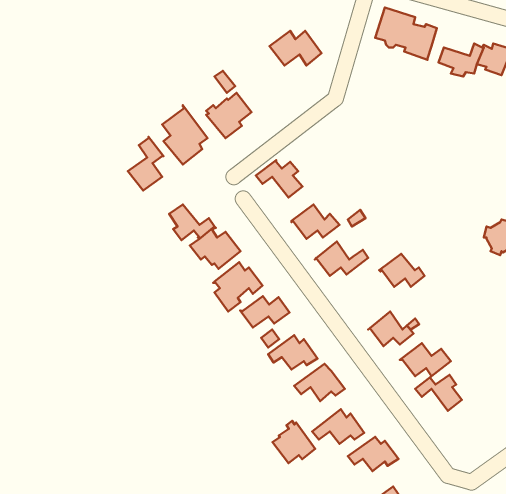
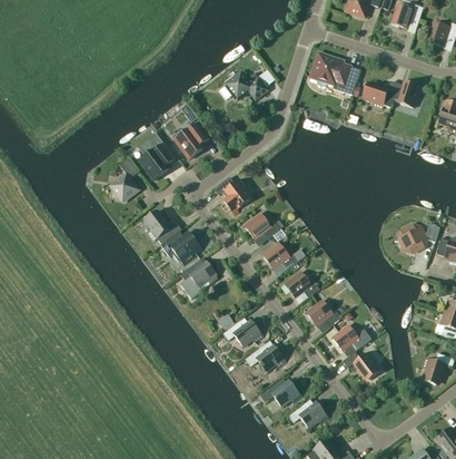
building: [379,254,424,287] -> [282,271,319,297]
building: [240,296,289,328] -> none
building: [273,421,315,463] -> none

